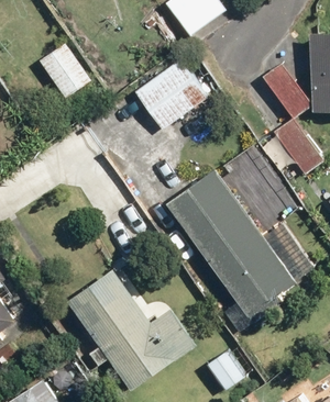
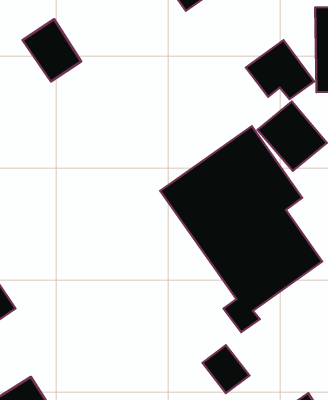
building: [129,59,205,134] -> none
building: [67,270,194,390] -> none

